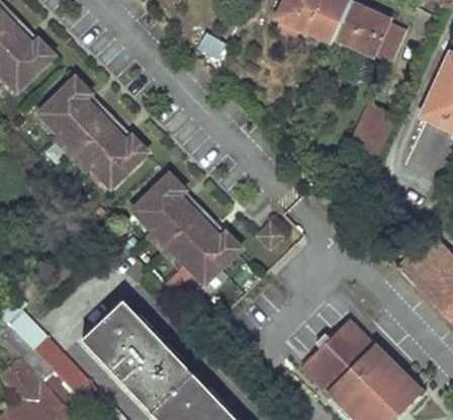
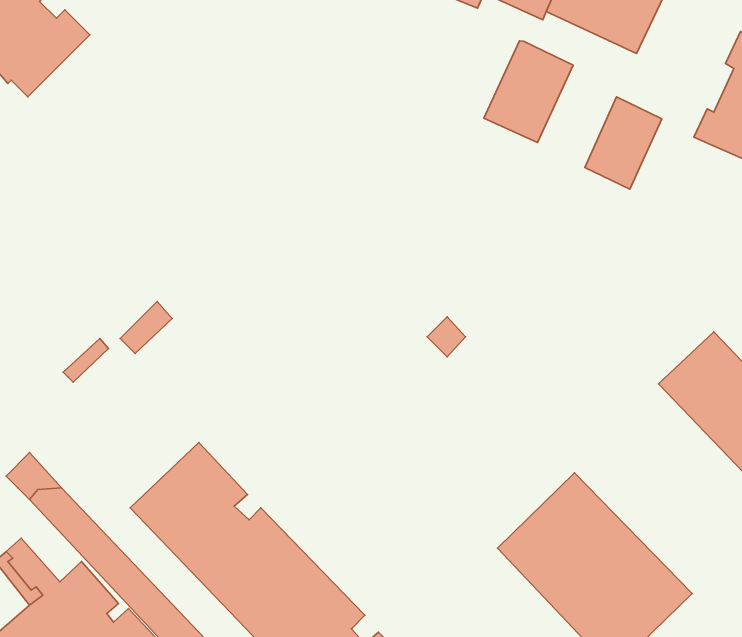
building: none -> [484,41,573,143]
building: [40,77,151,187] -> none
building: [134,174,244,284] -> none

